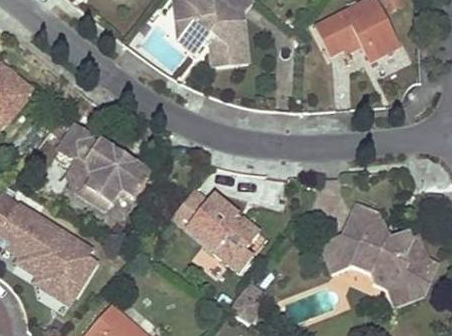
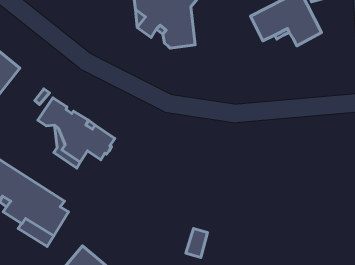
building: [171,190,256,272] -> none
building: [320,204,435,300] -> none

